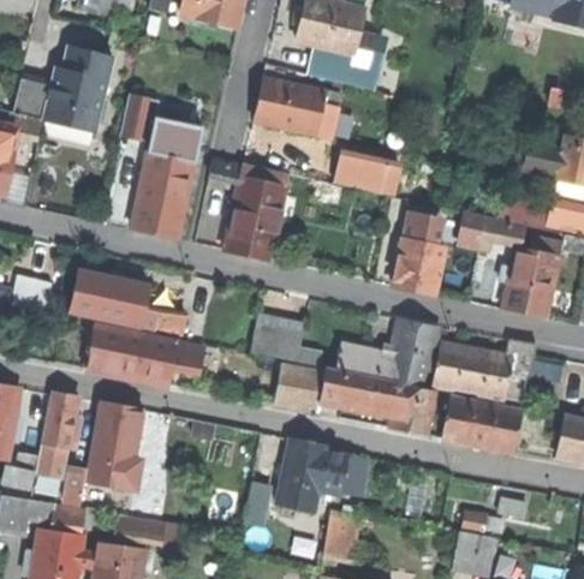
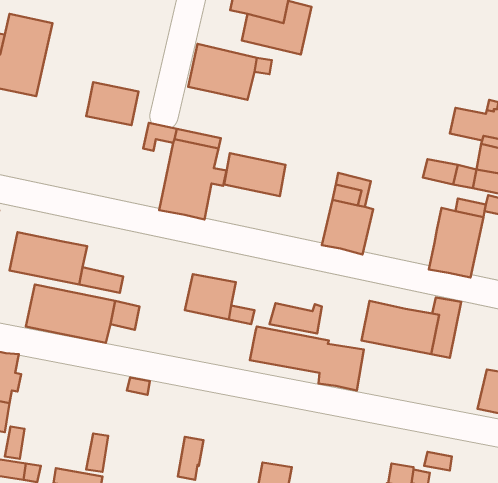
building: [120,94,159,141] -> none
building: [131,151,195,237] -> none
building: [335,151,399,196] -> [224,153,286,196]
building: [459,214,524,250] -> none
building: [387,318,439,383] -> none
building: [274,365,323,414] -> none
building: [442,398,522,453] -> none
building: [85,402,142,490] -> none
building: [276,437,367,512] -> none

